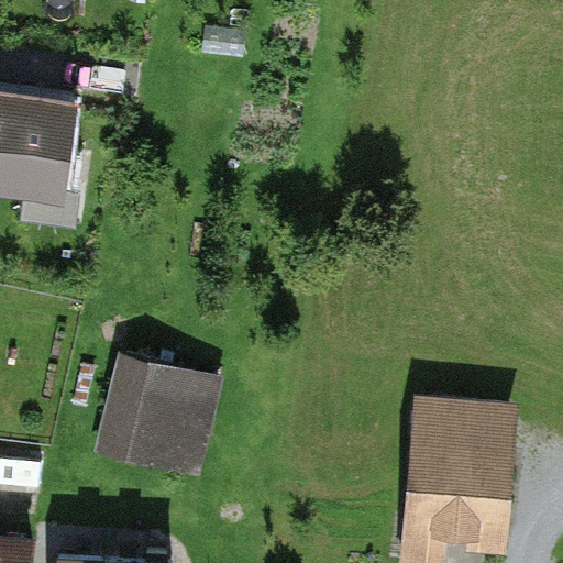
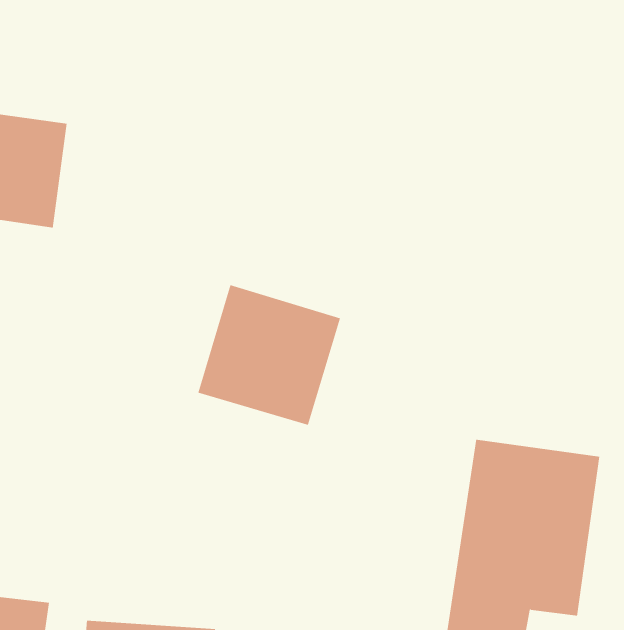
building: [96,352,222,476] -> [197,284,341,425]

